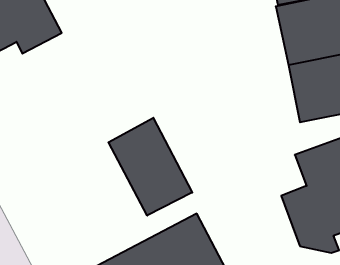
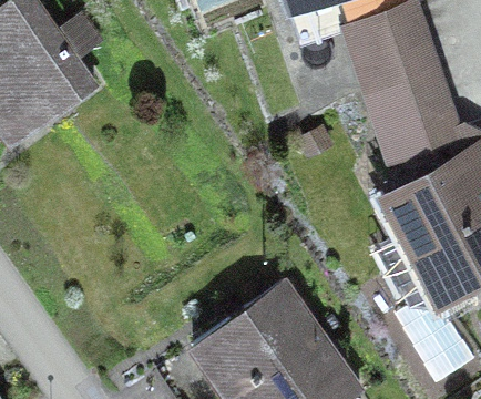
building: [108,118,192,216] -> none

